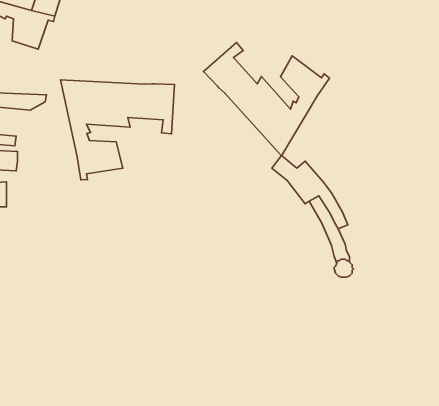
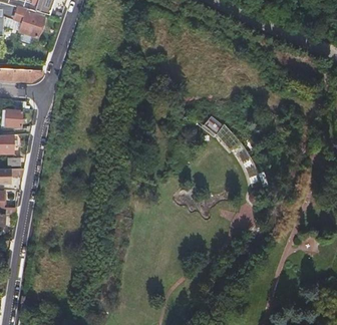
building: [204,43,329,156] -> none
building: [60,80,175,180] -> none

